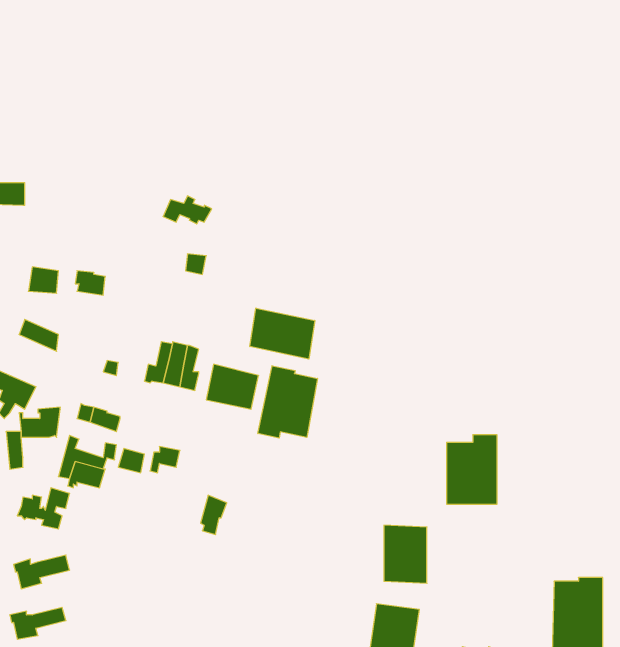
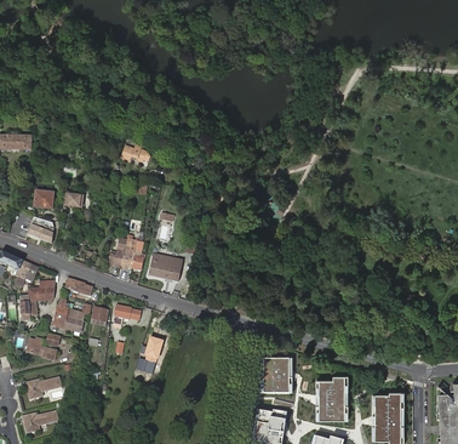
building: [250,308,315,359] -> none
building: [258,366,317,438] -> none
building: [447,435,497,504] -> [315,375,348,420]

